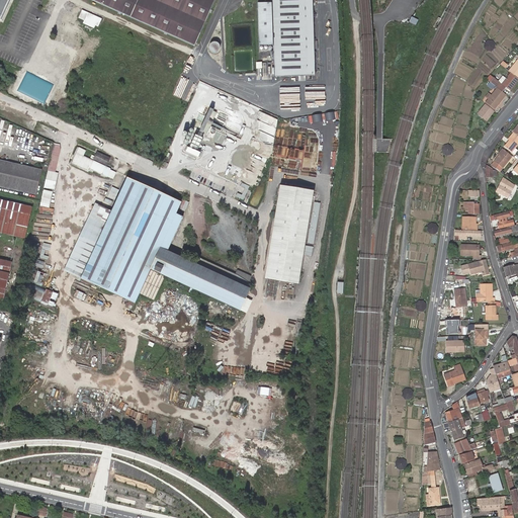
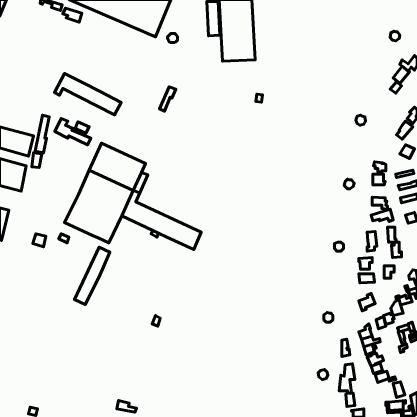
building: none -> [55,74,121,115]
building: [266,184,314,278] -> none
building: [67,204,110,275] -> [75,247,110,305]

